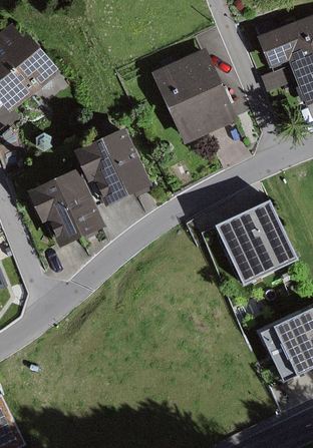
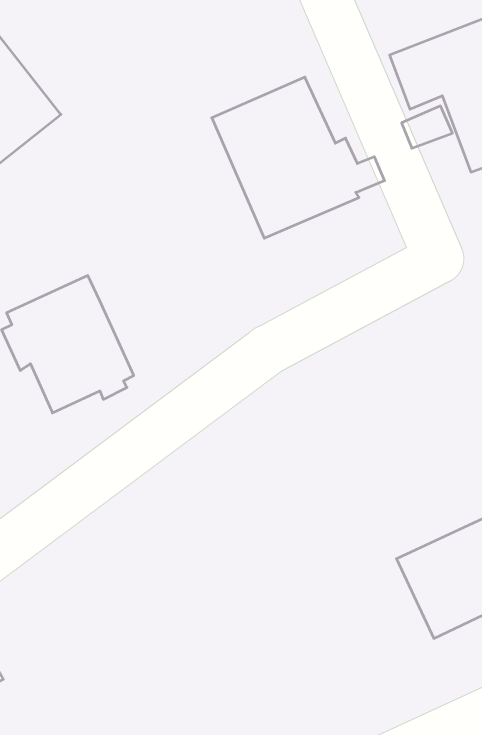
building: [72,126,151,206] -> none
building: [204,193,297,292] -> none

